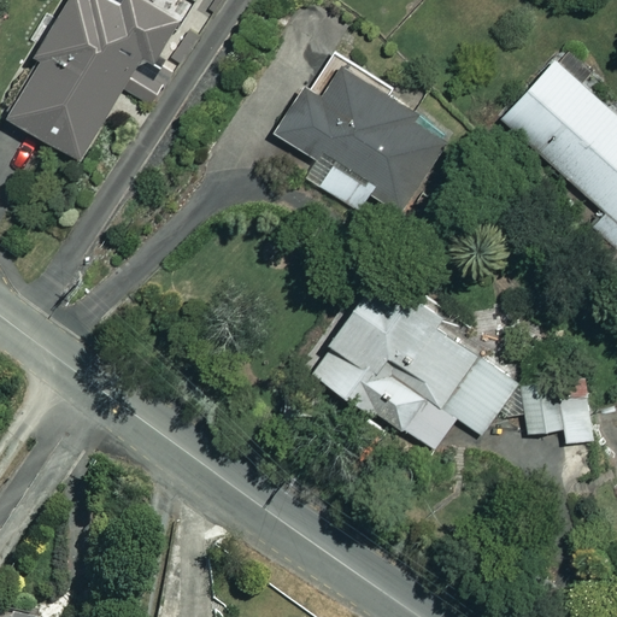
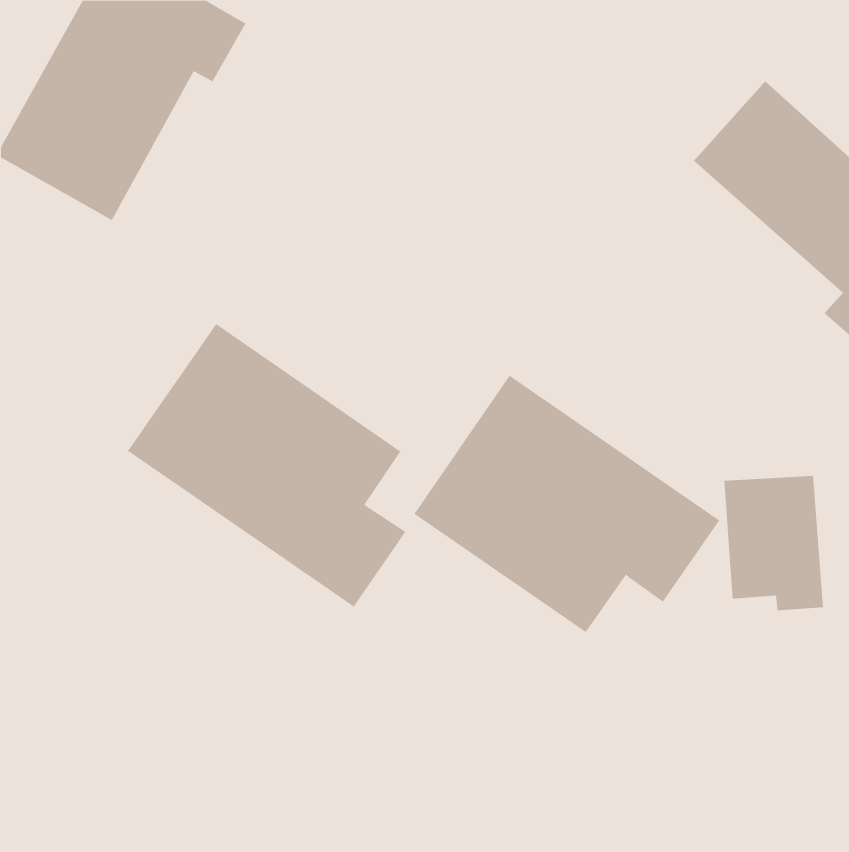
building: [277,51,456,213] -> none
building: none -> [127,323,406,608]

